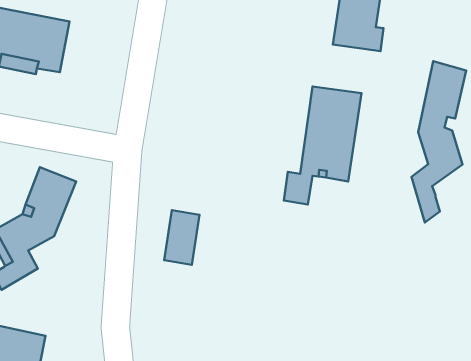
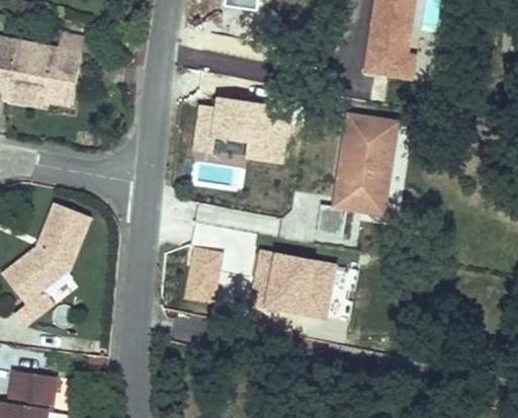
building: [412,61,466,223] -> none
building: none -> [194,97,289,163]
building: none -> [250,250,336,320]

